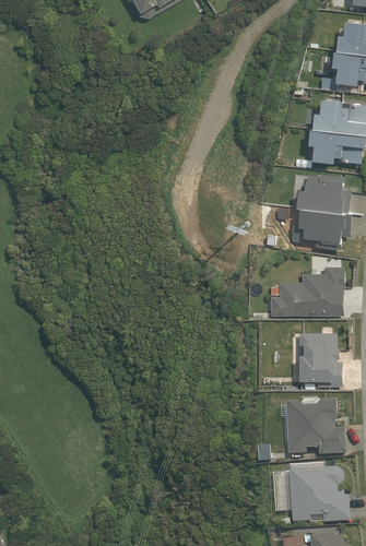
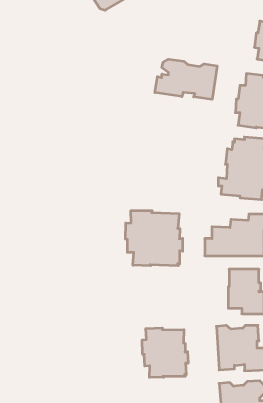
building: none -> [155,59,217,99]
building: none -> [125,211,183,266]
building: none -> [142,328,188,377]

